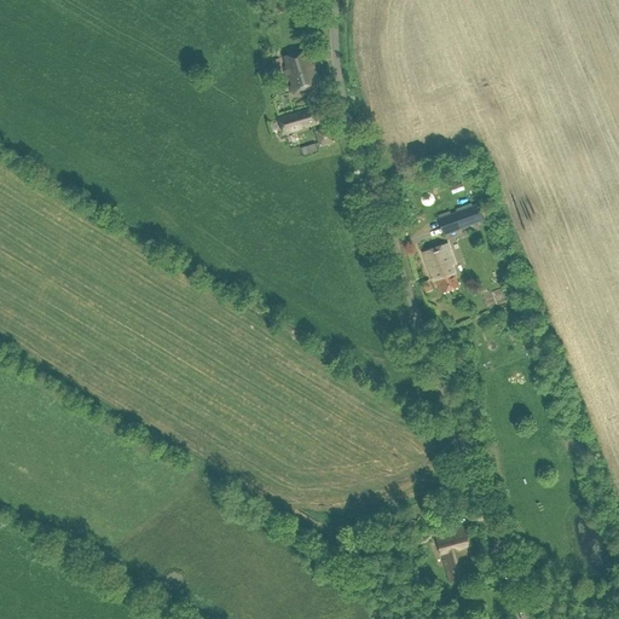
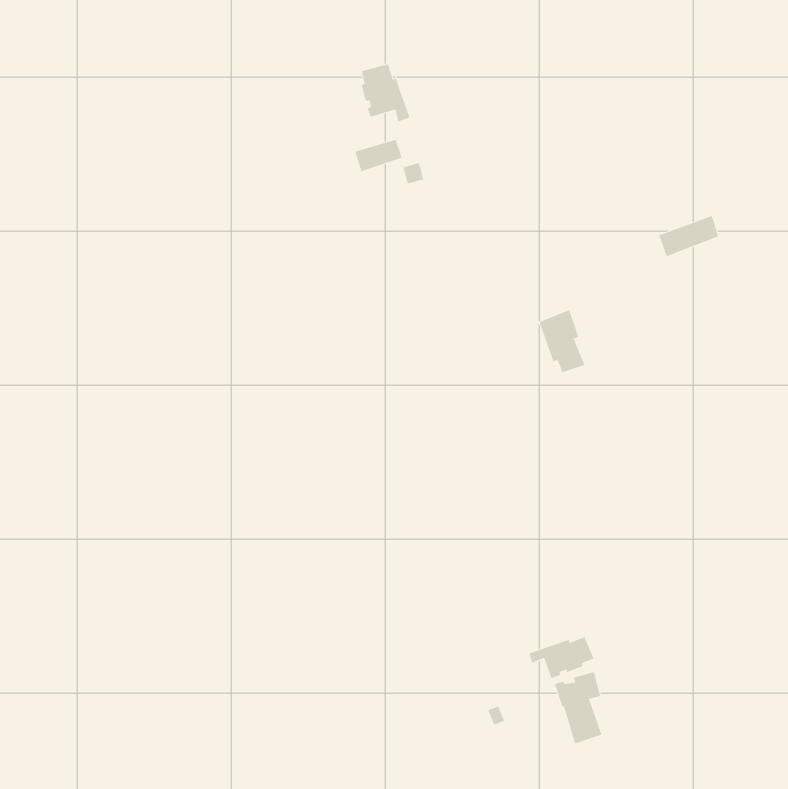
building: [435,202,482,235] -> [658,215,719,257]
building: none -> [529,636,594,679]

